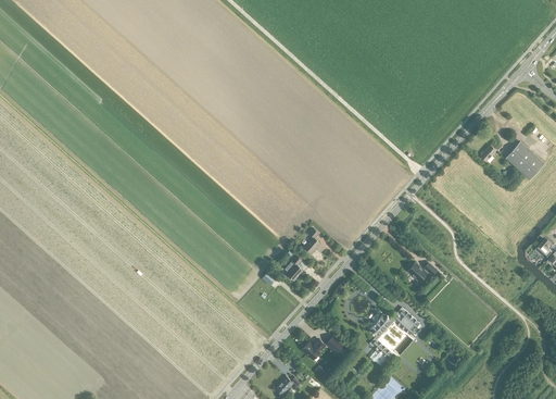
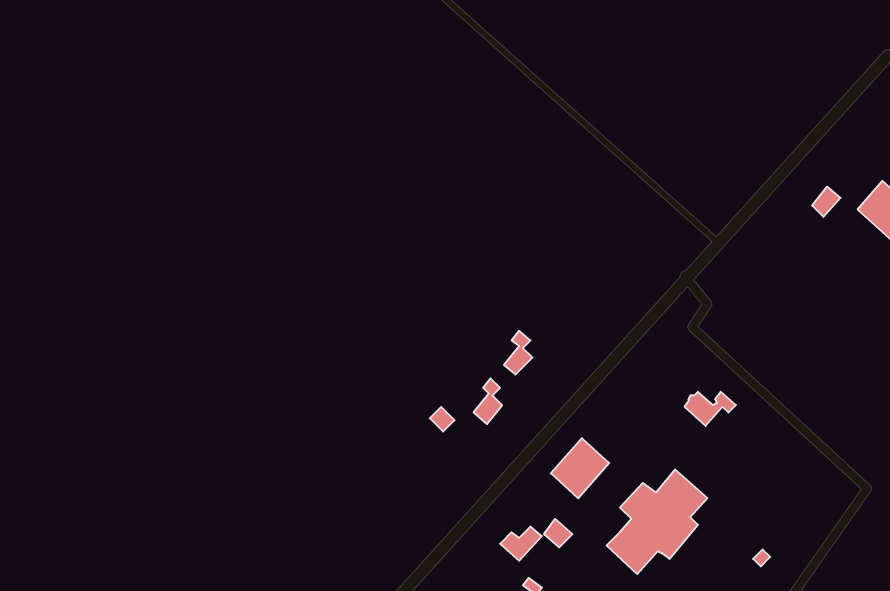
building: none -> [551,438,609,498]

